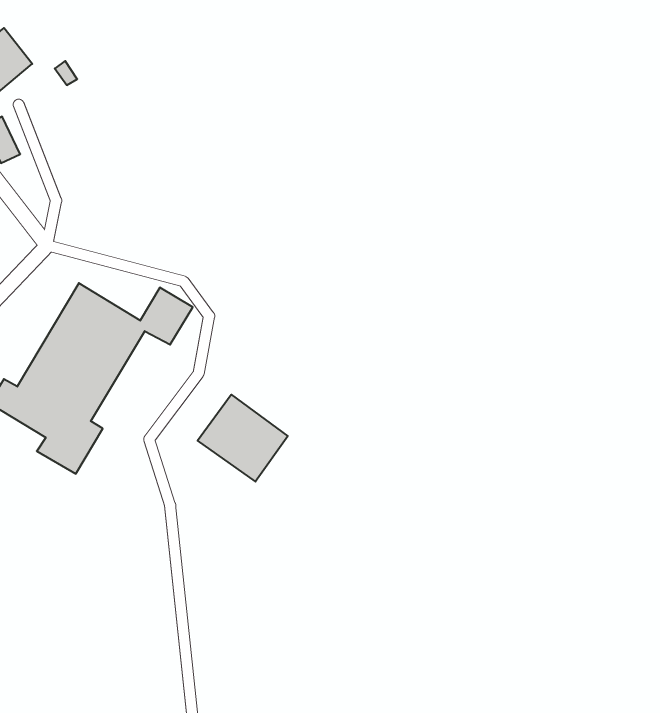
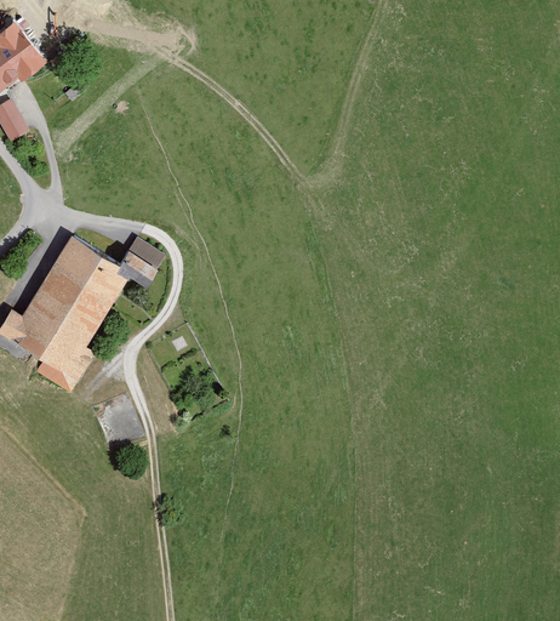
building: [198,395,288,482] -> none

